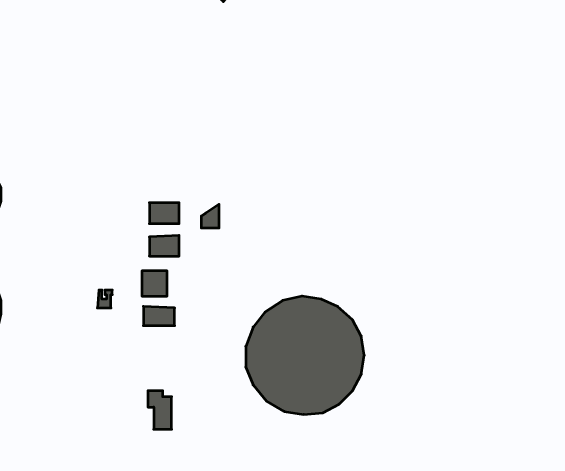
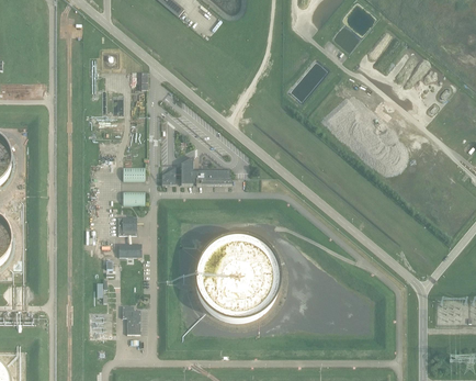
building: none -> [180,157,231,186]

